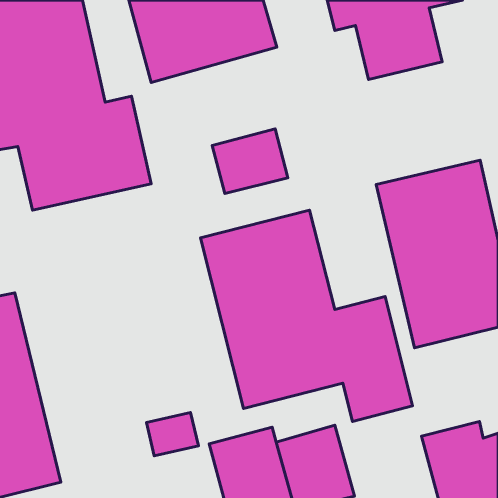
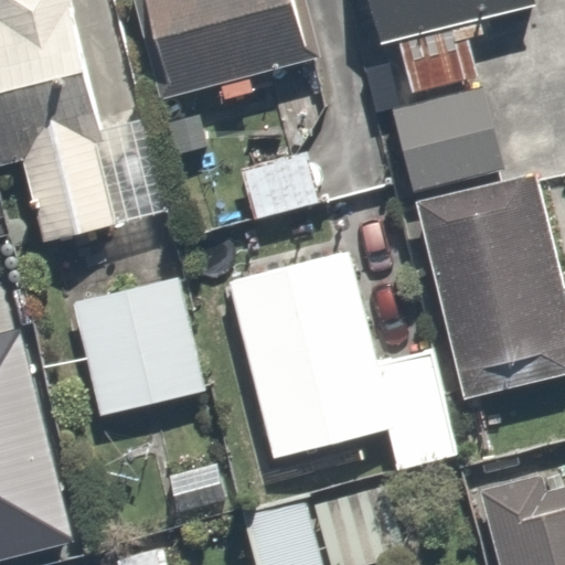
building: none -> [387,81,514,190]
building: none -> [74,276,209,414]

